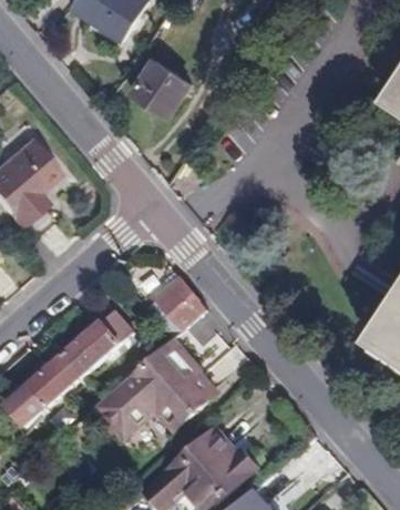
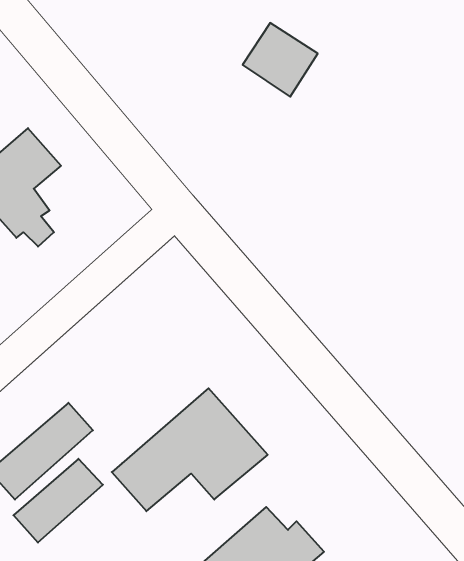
building: [130,60,187,116] -> [243,23,318,97]
building: [155,279,206,333] -> none
building: [62,310,131,375] -> [13,459,103,543]

